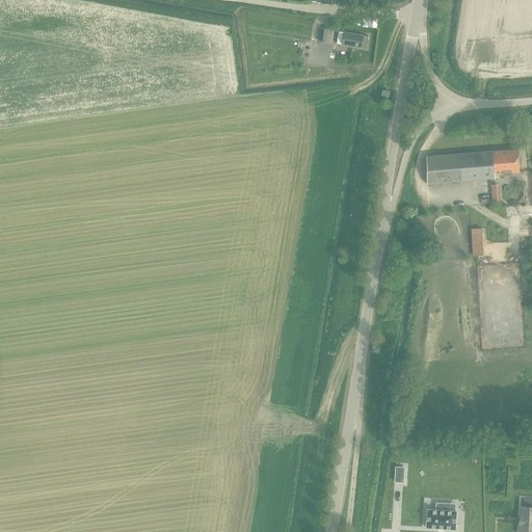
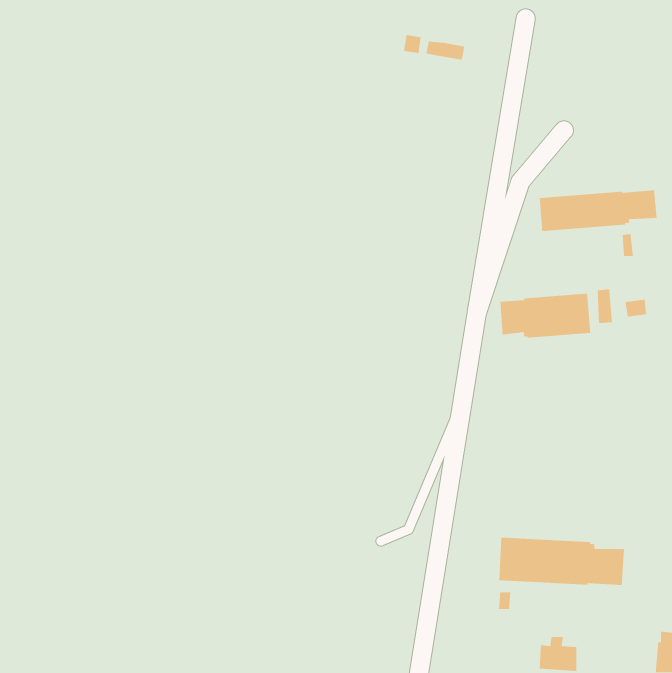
building: none -> [499,293,591,339]
building: none -> [498,537,625,586]

